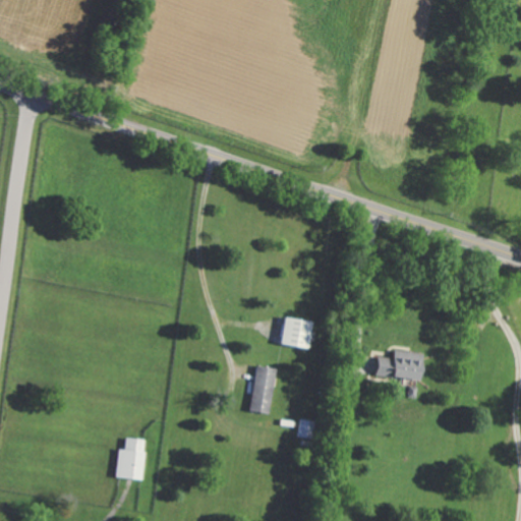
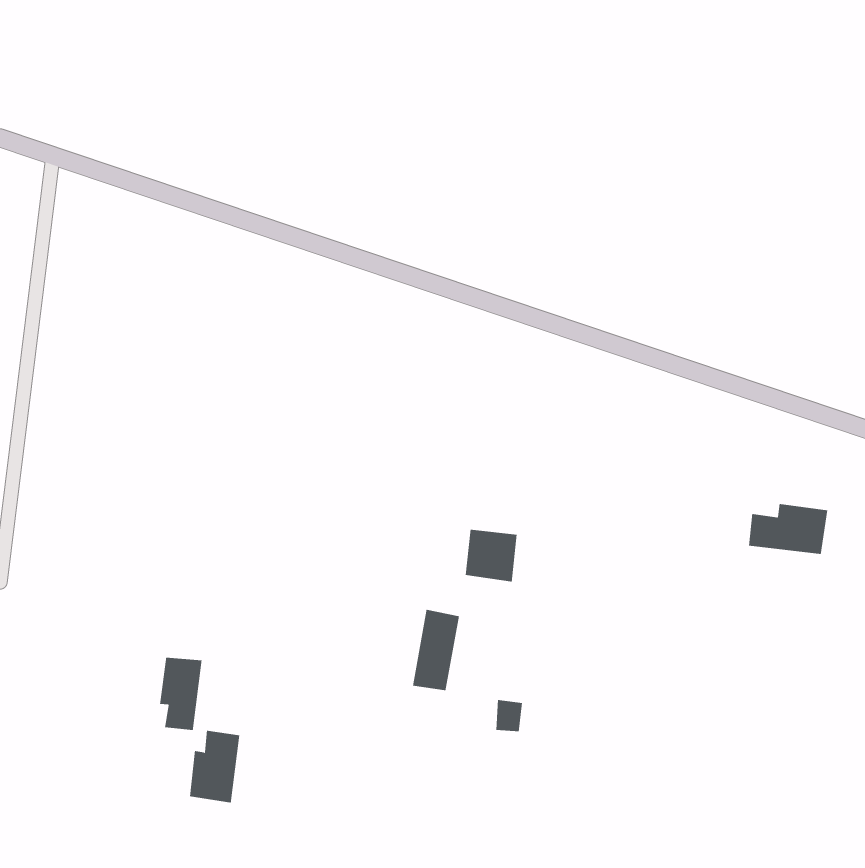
building: [375,349,423,380] -> [748,503,828,555]
building: none -> [159,657,202,731]

